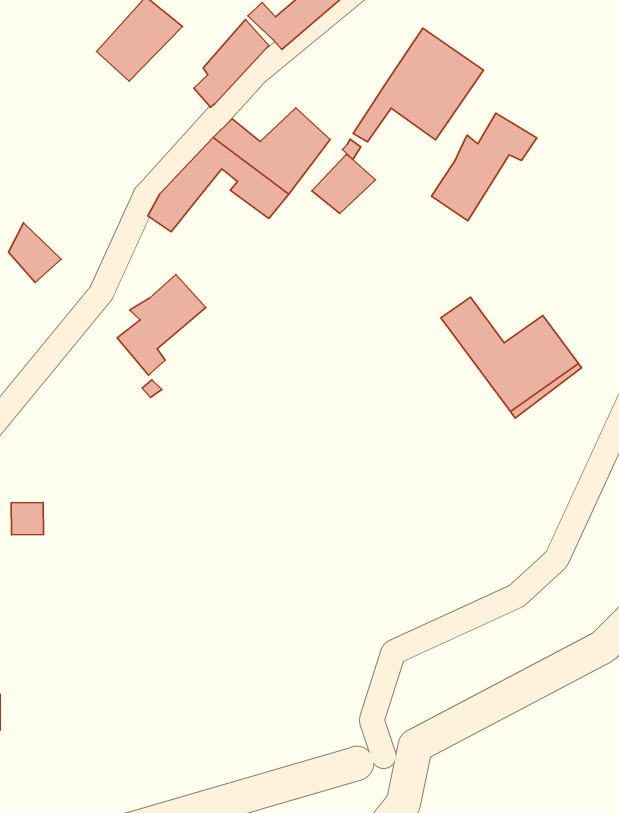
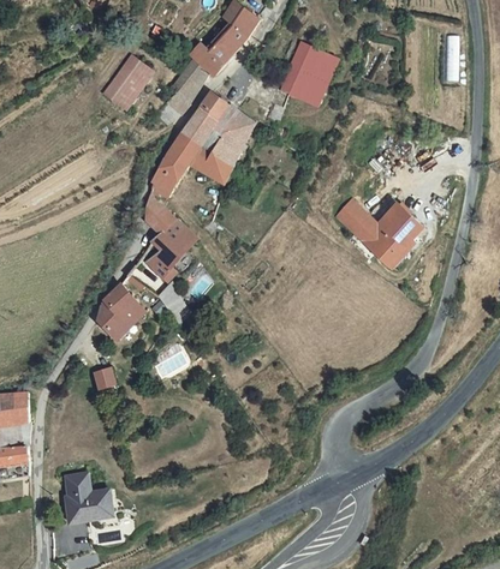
building: [431,113,537,221] -> none
building: [312,155,375,213] -> [191,92,228,128]
building: [9,223,61,283] -> [141,199,173,234]
building: none -> [96,283,145,336]

